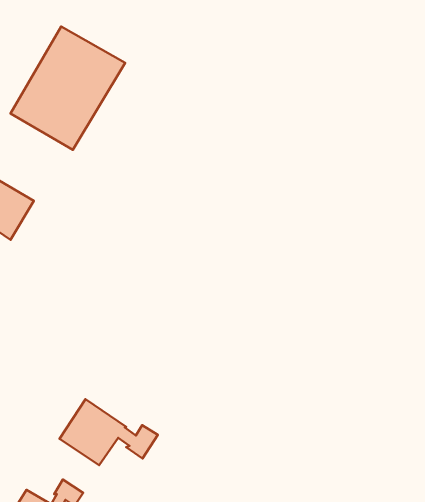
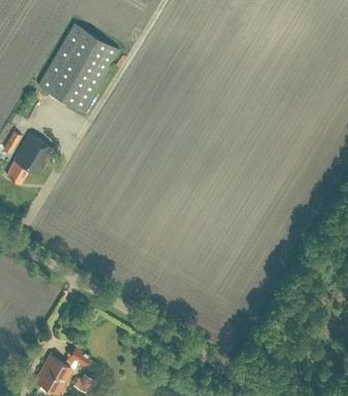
building: [59,399,158,465] -> none

